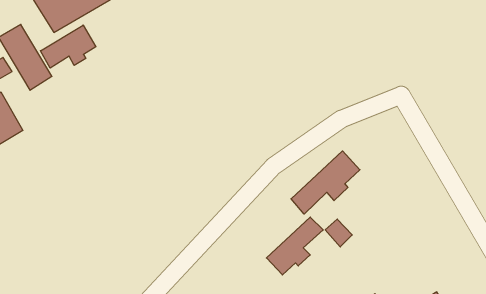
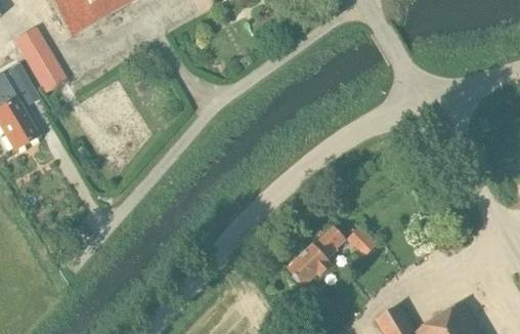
building: [40,25,96,68] -> none
building: [291,151,360,214] -> none

